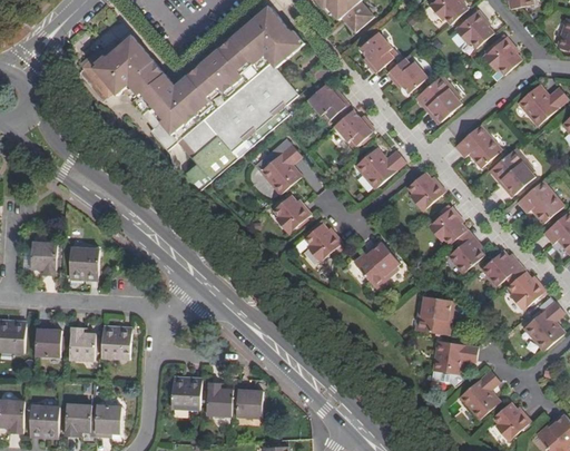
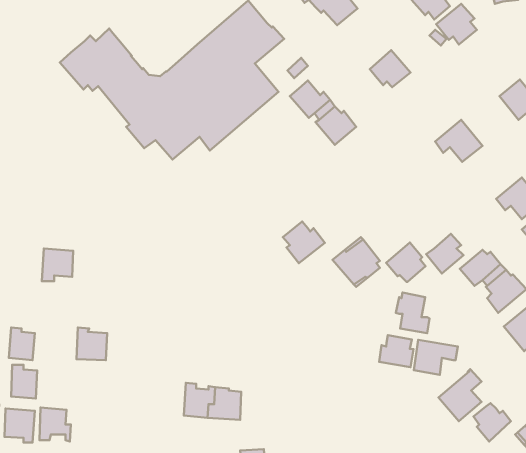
building: [362,30,400,71] -> none
building: [484,35,522,73] -> none
building: [420,71,465,120] -> none
building: [262,143,304,193] -> none
building: [488,144,534,193] -> none
building: [356,146,407,187] -> none
building: [409,170,446,209] -> none
building: [272,194,313,234] -> none
building: [428,205,466,244] -> [386,242,426,282]
building: [31,242,55,276] -> none
building: [69,329,95,362] -> [11,365,37,399]
building: none -> [379,335,414,367]
building: [166,376,194,410] -> none
building: [89,408,119,439] -> none

